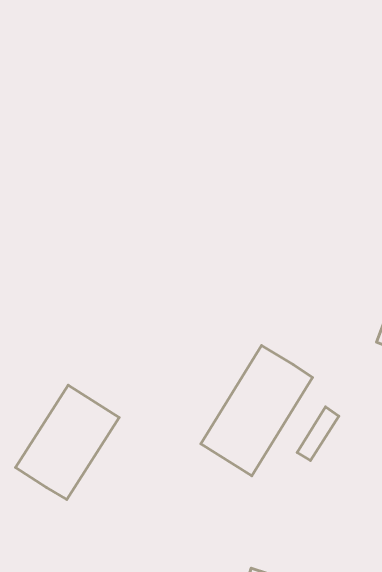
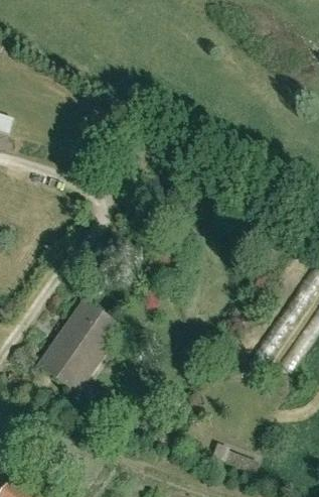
building: [201,345,313,476] -> none

